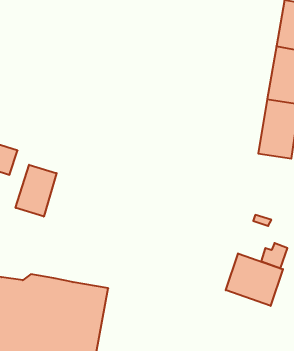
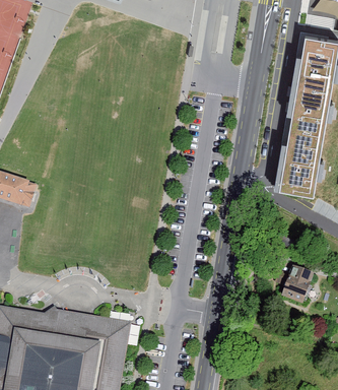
building: [16,165,57,217] -> none
building: [226,253,283,306] -> none

